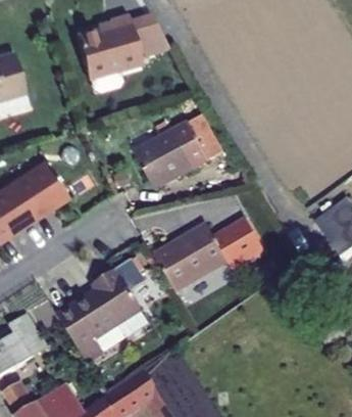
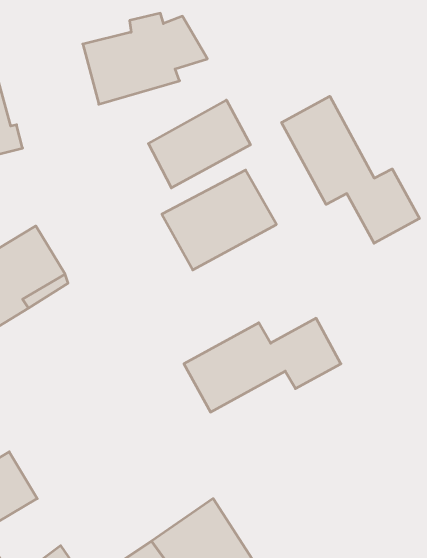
building: none -> [282,96,419,243]
building: none -> [148,100,250,188]
building: [55,264,143,354] -> none

